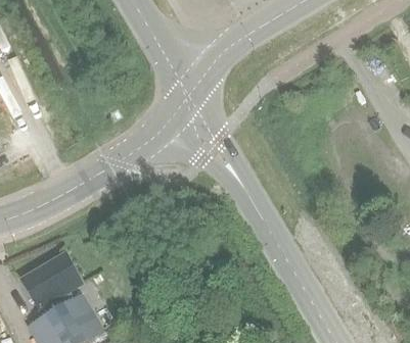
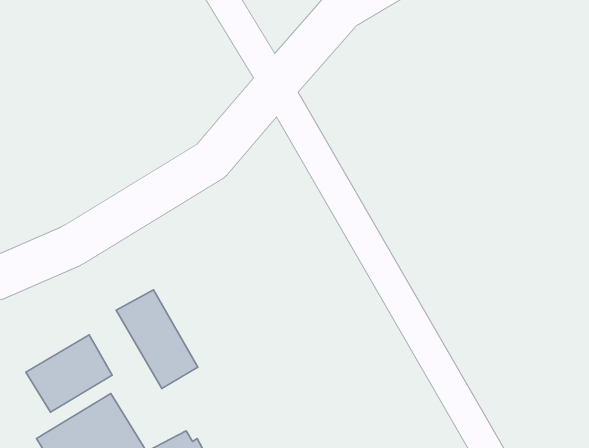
building: none -> [116,290,198,388]

